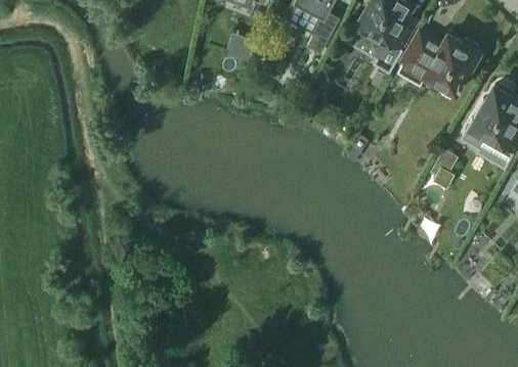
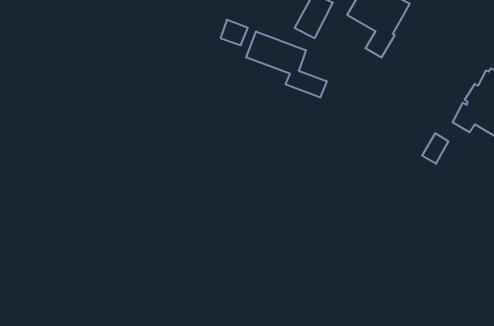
building: [401,34,478,94] -> none
building: none -> [246,31,327,98]

